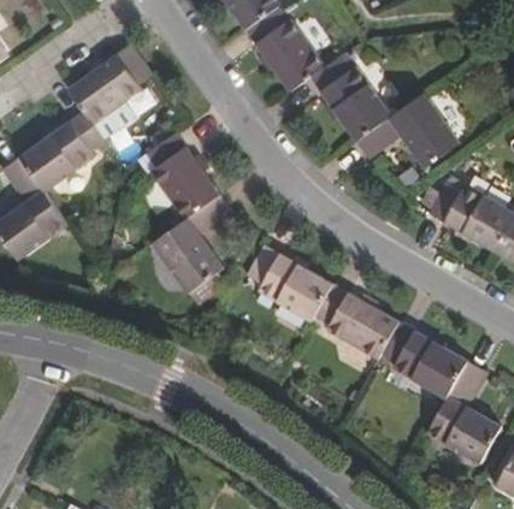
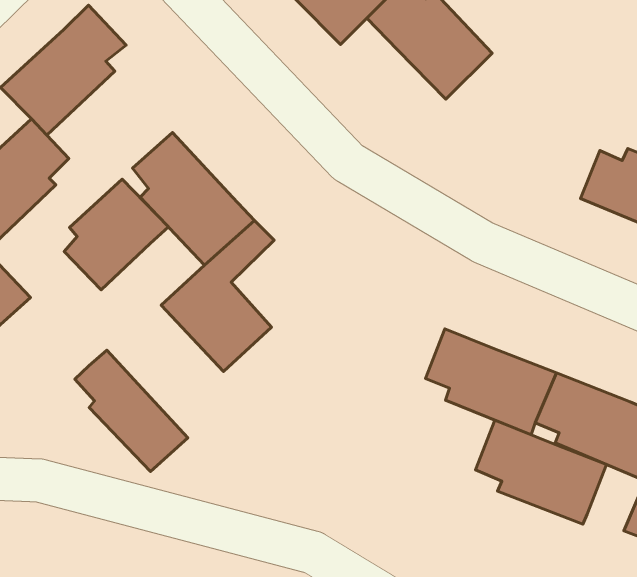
building: [353,89,459,168] -> none
building: none -> [64,179,168,290]
building: [247,245,331,320] -> [476,420,606,524]
building: none -> [75,350,188,472]

